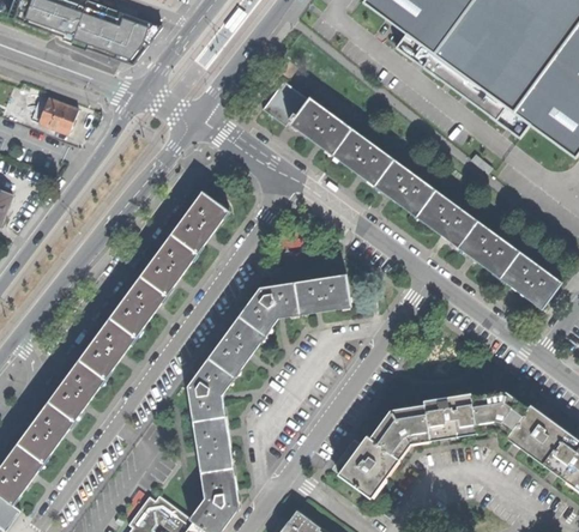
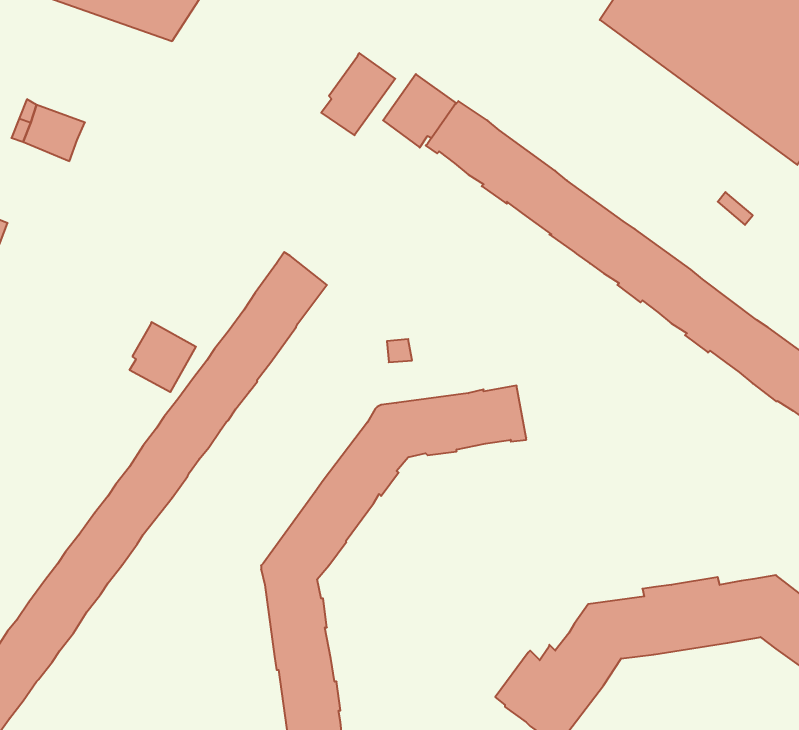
building: none -> [321,53,395,135]
building: none -> [130,322,196,392]

